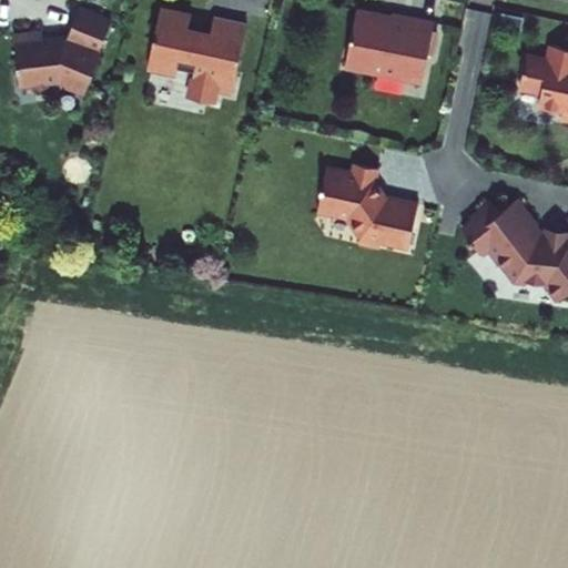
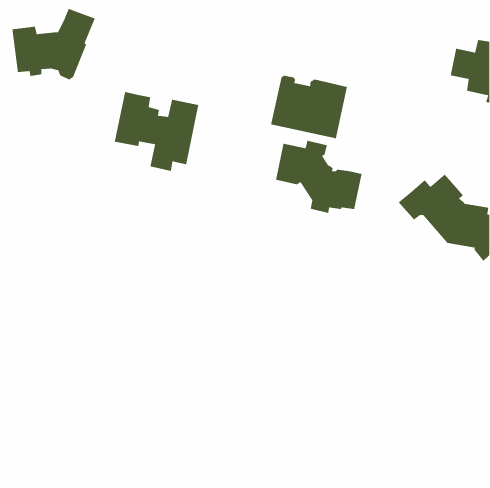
building: [148,10,246,103] -> [114,91,199,172]
building: [345,10,435,84] -> [270,75,348,139]

